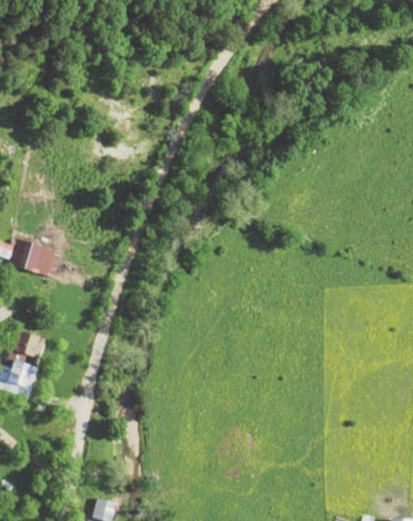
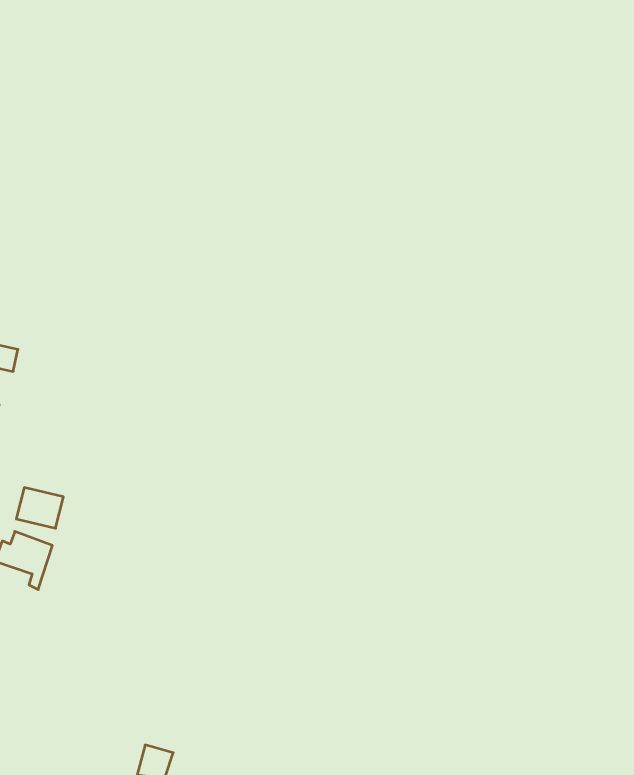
building: [21,242,61,277] -> none

